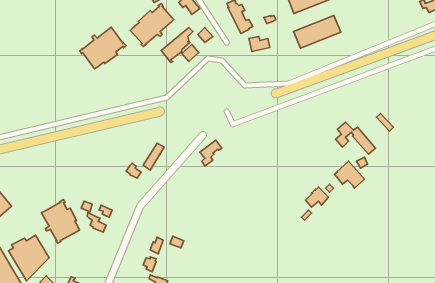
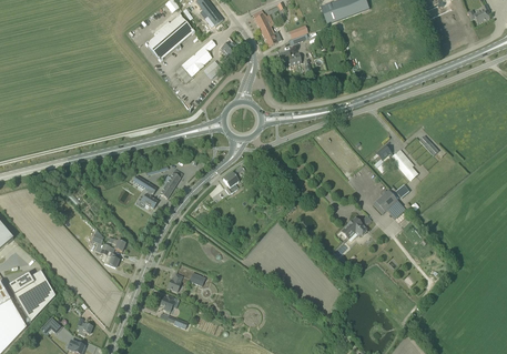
building: [294,16,341,48] -> none
building: [80,27,126,69] -> none
building: [42,200,79,243] -> none

